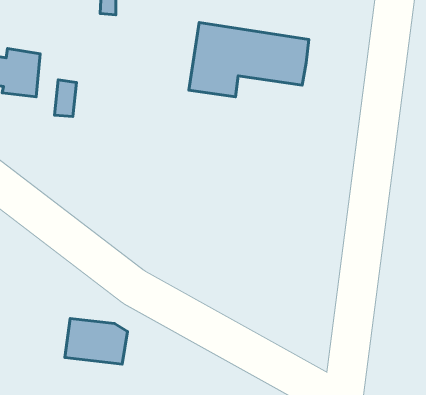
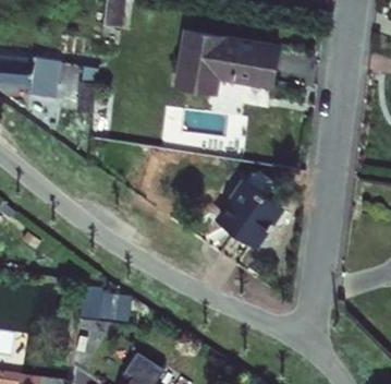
building: none -> [220,167,277,236]

